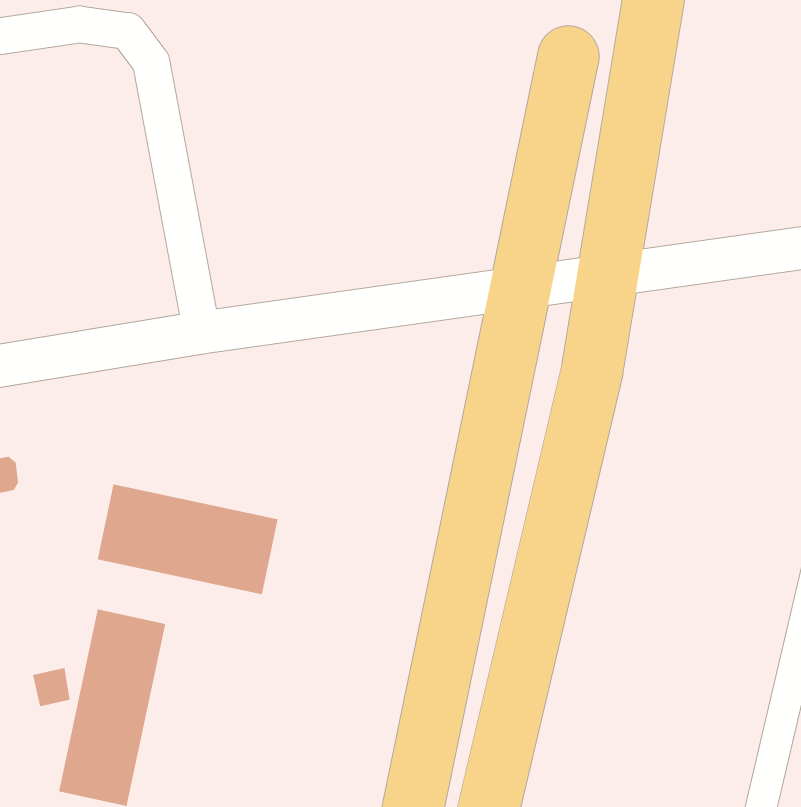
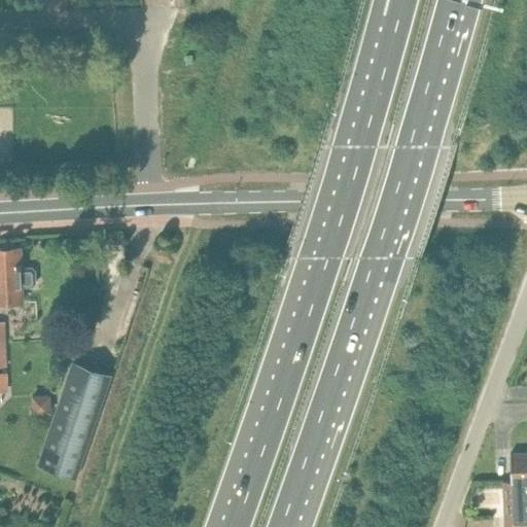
building: [97,484,278,595] -> none

